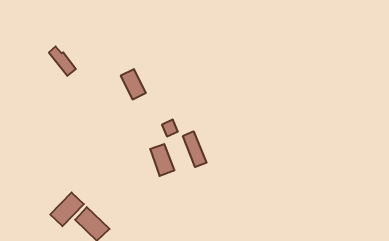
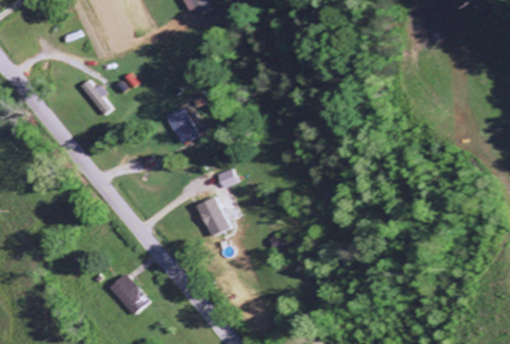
building: [183,131,207,167] -> none
building: [50,192,84,226] -> none

